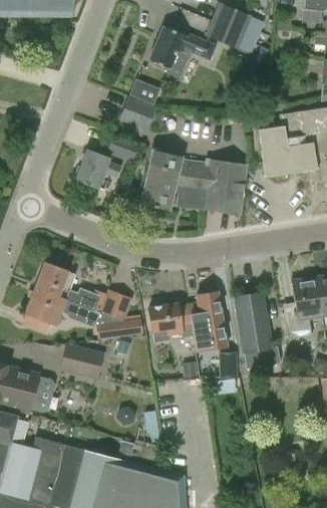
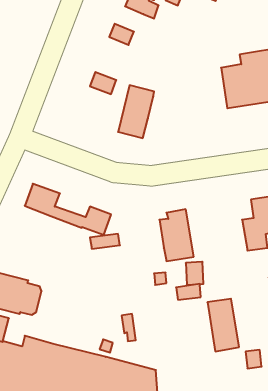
building: [119,96,157,132] -> none
building: [77,151,122,189] -> none
building: [176,159,248,214] -> none
building: [25,288,100,327] -> none
building: [236,293,272,353] -> [207,299,239,351]
building: [149,303,194,342] -> none
building: [61,345,102,377] -> none

